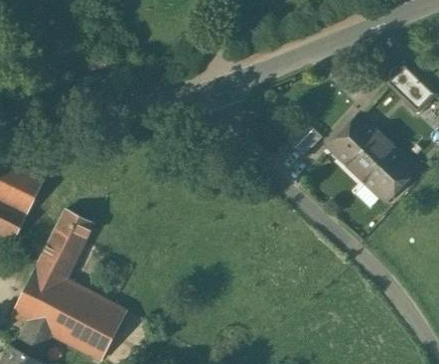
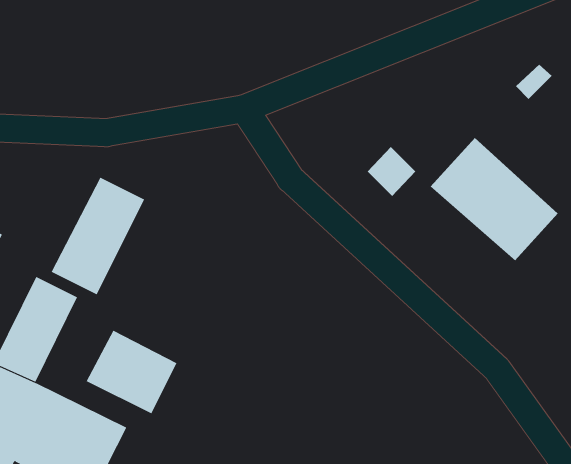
building: none -> [51,177,145,295]
building: none -> [86,330,177,414]

